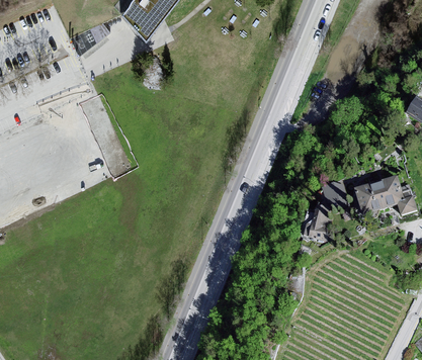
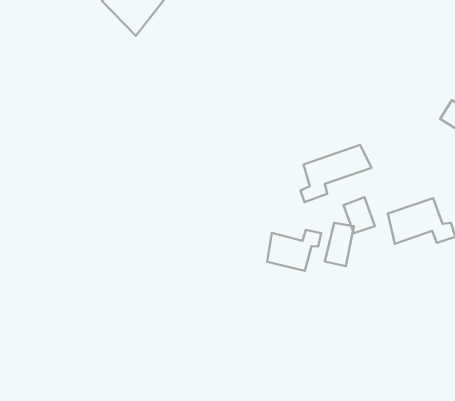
building: none -> [301,145,372,202]
building: none -> [267,230,321,271]

